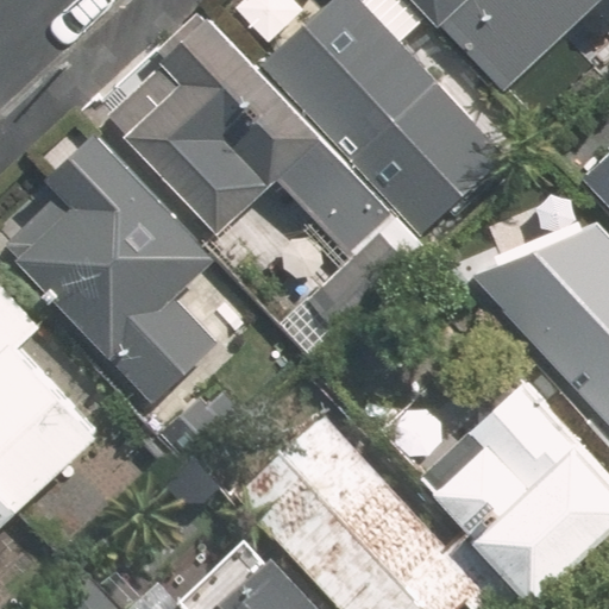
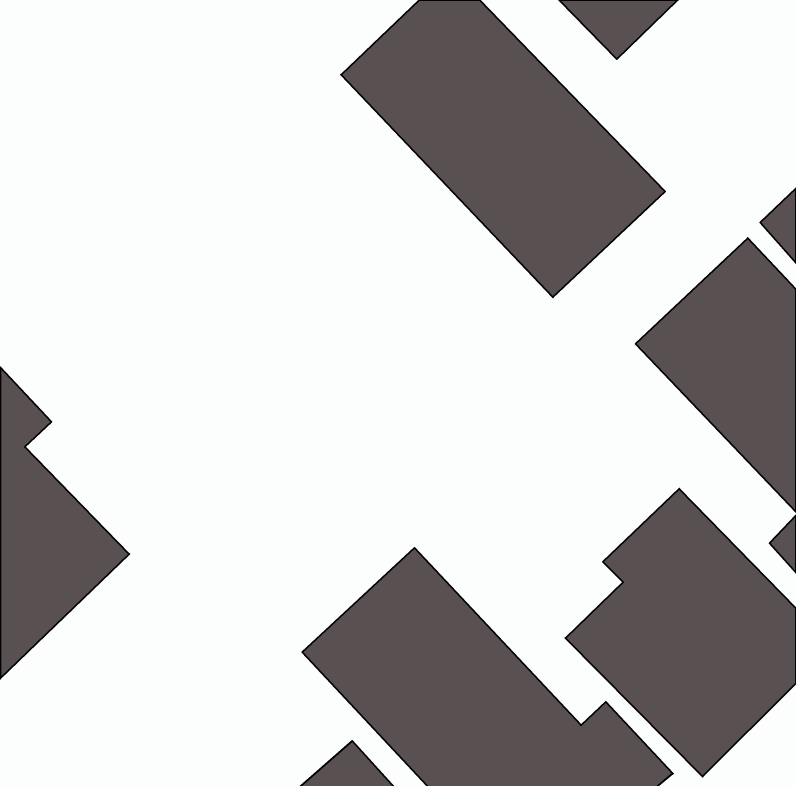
building: [126,21,387,260] -> none
building: [21,136,216,403] -> none

